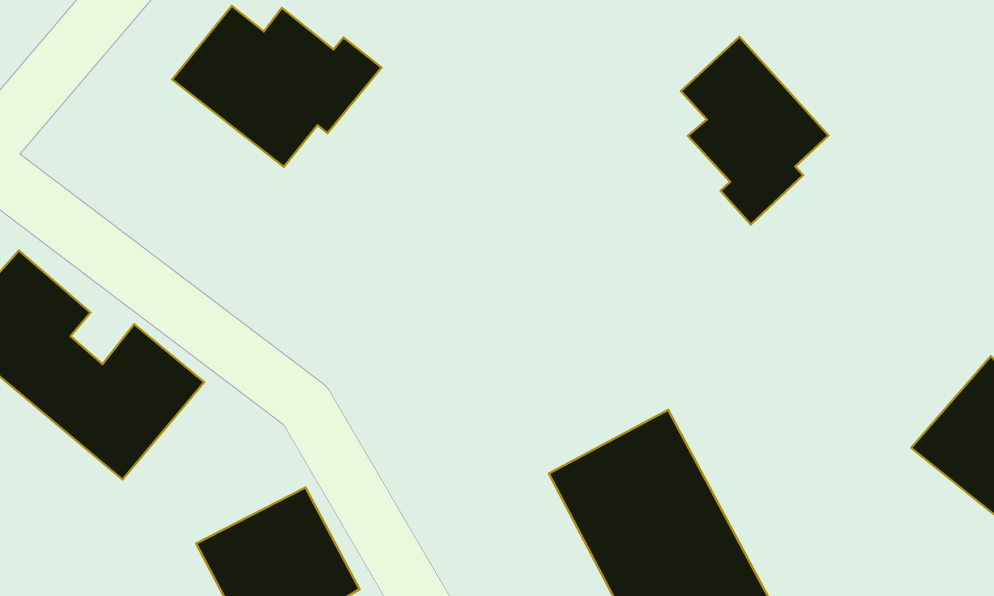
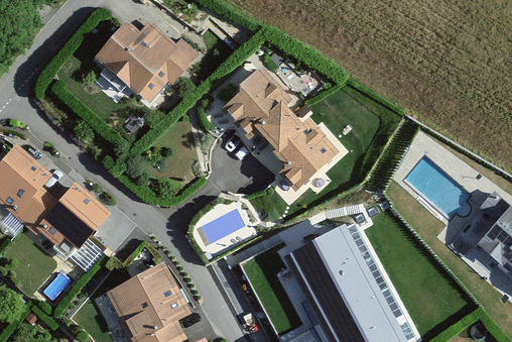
building: [681,37,828,224] -> none
building: none -> [215,68,338,190]

